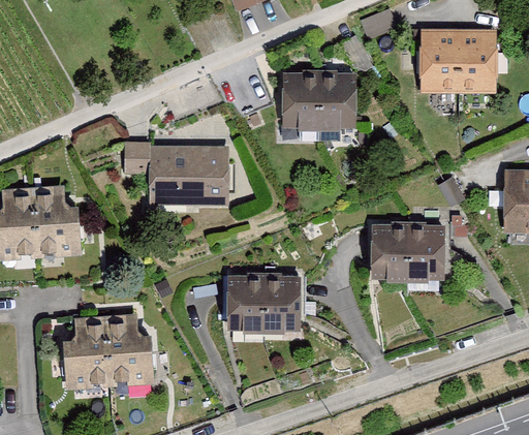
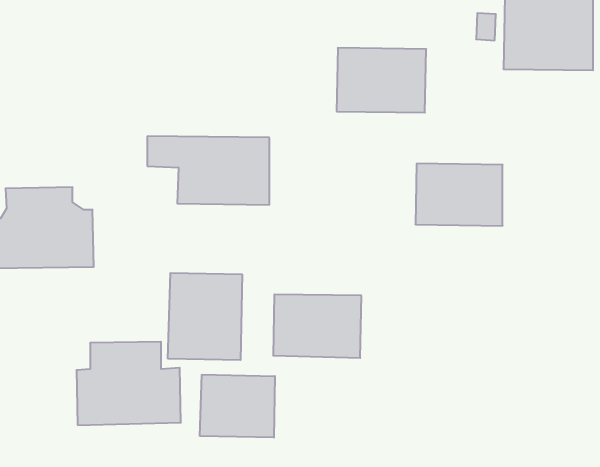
building: [372,226,444,278] -> [415,164,503,226]
building: none -> [168,273,242,360]
building: none -> [200,375,275,438]

